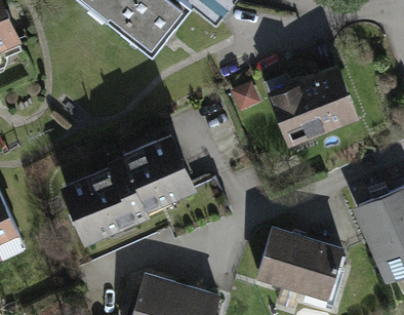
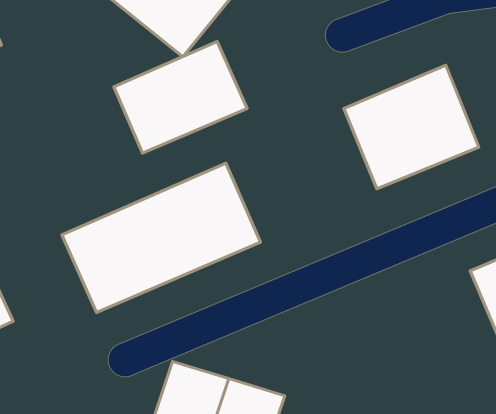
building: none -> [114,42,247,153]
building: [256,229,341,300] -> none

